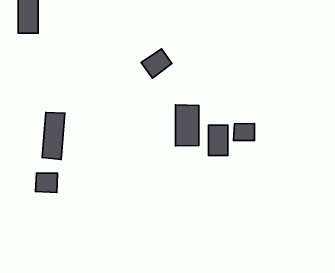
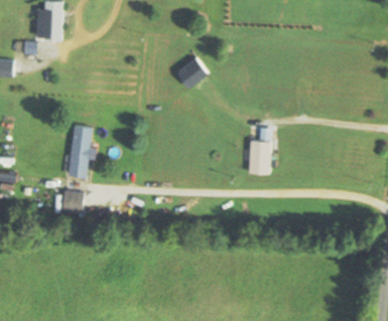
building: [176,105,199,146] -> none
building: [233,124,255,140] -> none

